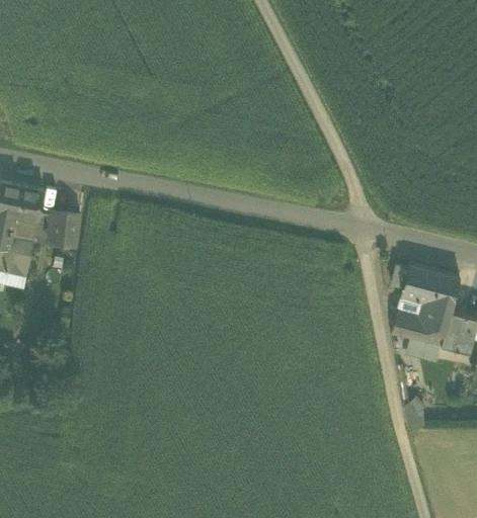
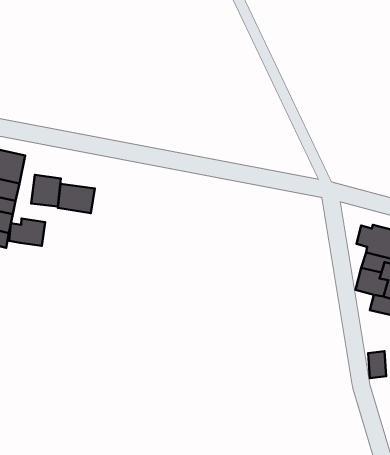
building: none -> [58,184,95,213]
building: none -> [9,218,45,246]

